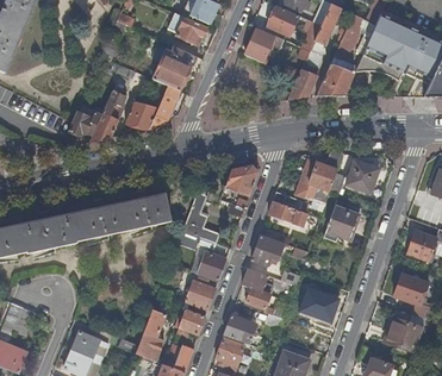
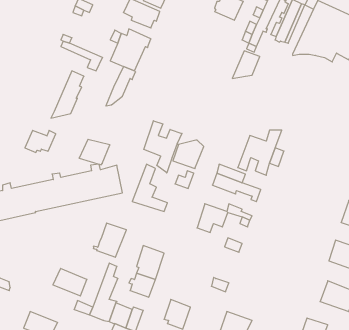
building: [245,26,285,63] -> none
building: [317,62,353,95] -> none
building: [125,101,158,129] -> [79,139,110,165]
building: [69,111,102,134] -> [25,130,56,152]
building: none -> [144,121,182,173]
building: [343,161,376,193] -> none
building: [324,207,355,239] -> none
building: [192,243,228,280] -> [93,223,126,257]
building: [239,268,268,308] -> none
building: [298,287,337,321] -> none
building: [222,315,254,344] -> none
building: [68,332,105,362] -> [53,268,87,296]

